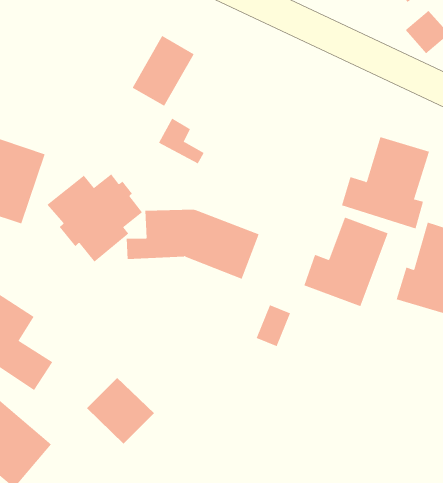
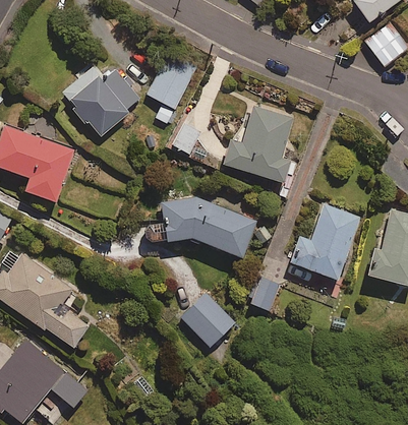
building: [341,137,430,229] -> [220,105,292,180]
building: [46,173,143,262] -> [65,72,143,144]
building: [86,377,155,445] -> [178,291,234,346]

